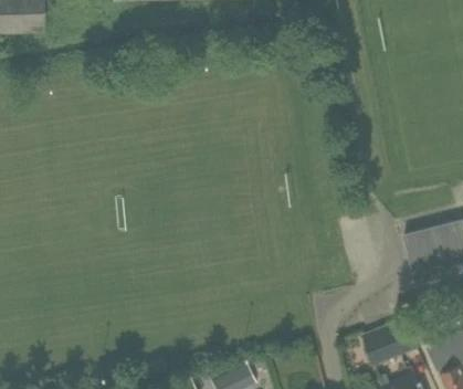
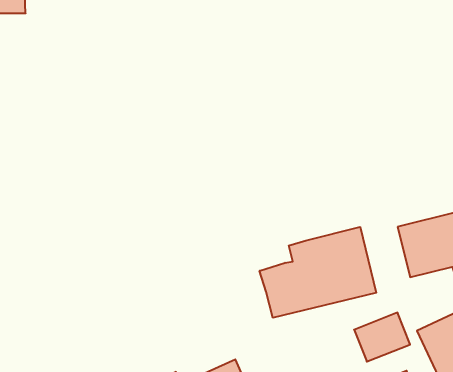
building: none -> [260,227,376,318]

